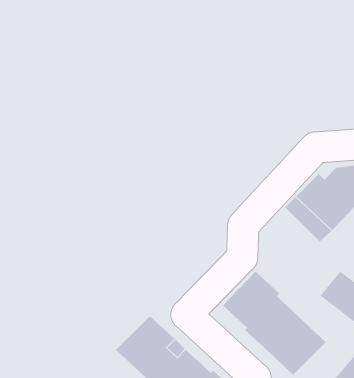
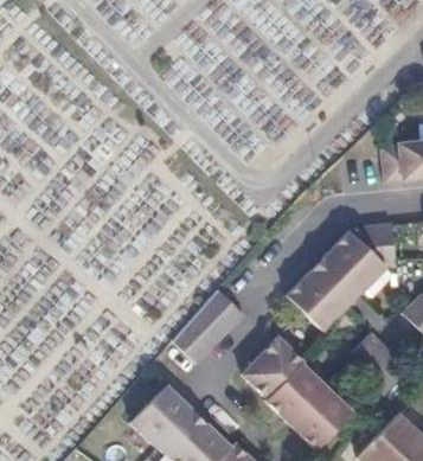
building: none -> [287,269,348,332]
building: none -> [173,287,246,363]

